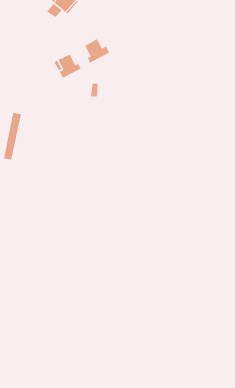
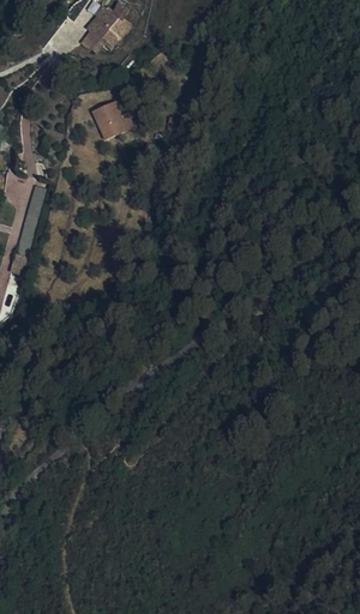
building: [84,38,110,64] -> none

